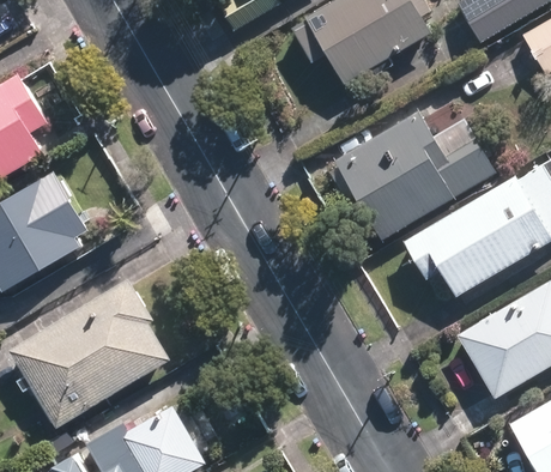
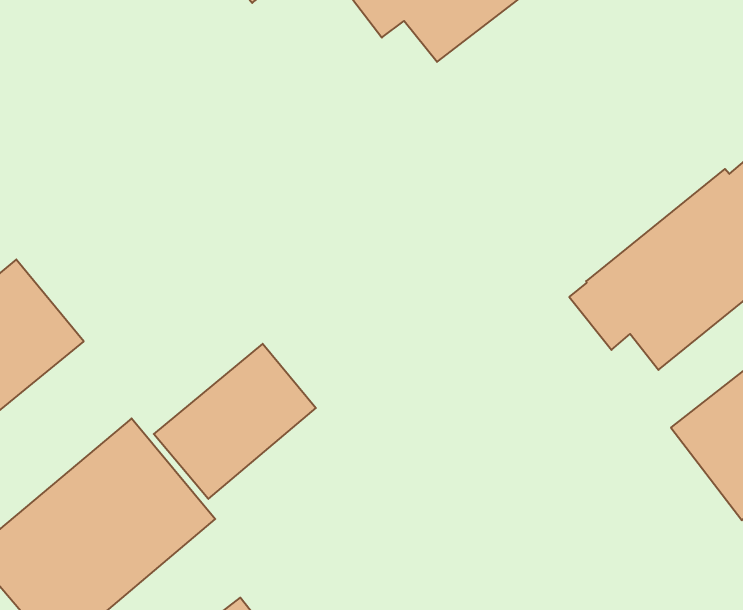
building: [337,111,496,238] -> none
building: none -> [154,344,316,499]

